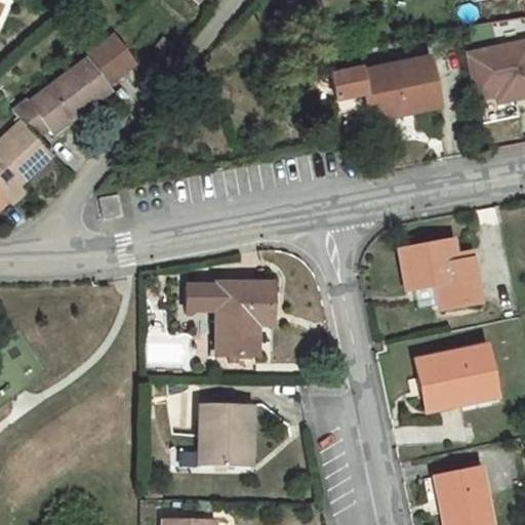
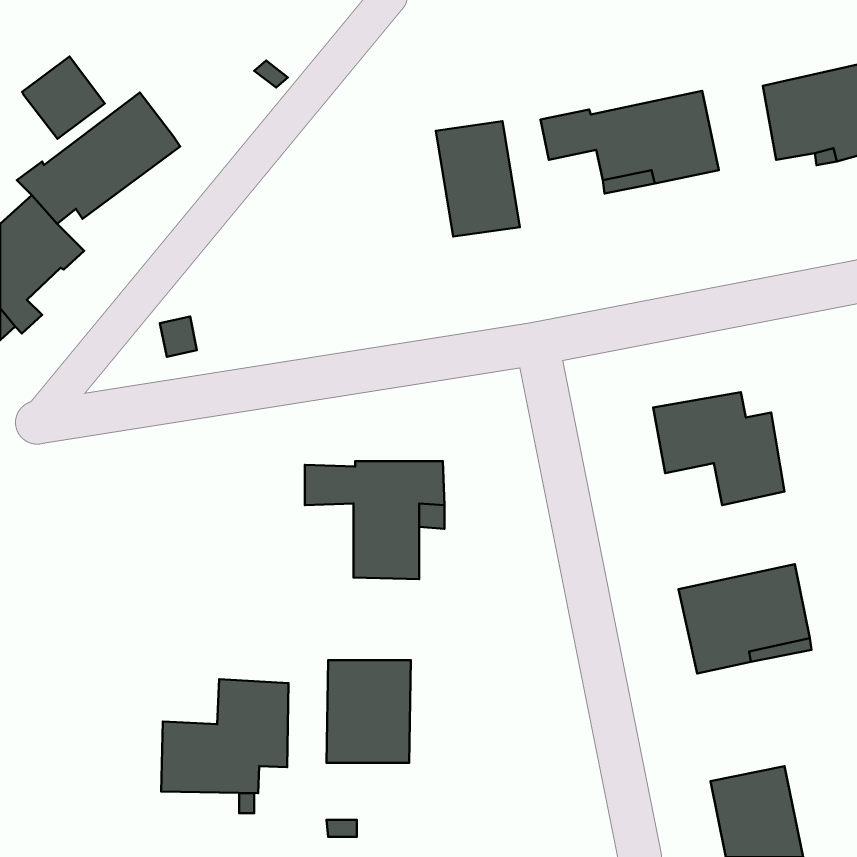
building: [86,33,136,83] -> [22,56,105,139]
building: none -> [436,121,520,237]
building: none -> [161,679,288,793]

